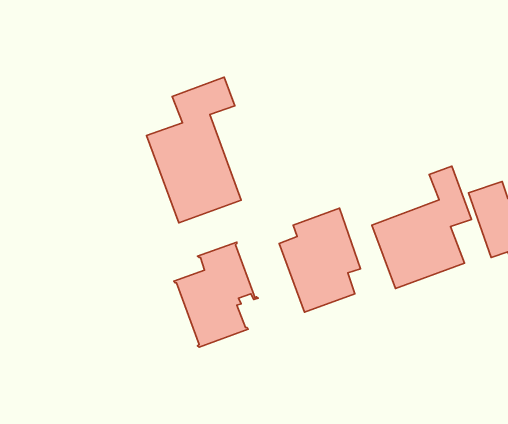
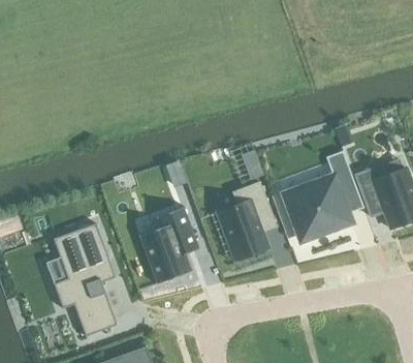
building: [146,77,241,223] -> none
building: none -> [53,222,117,335]

